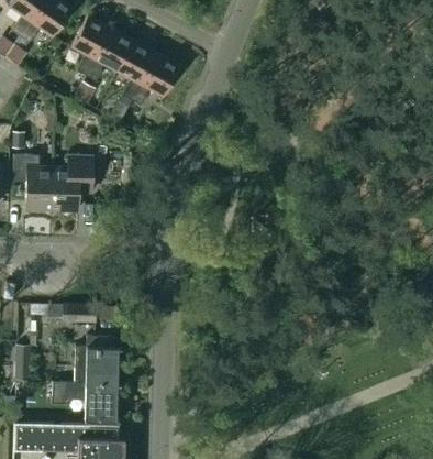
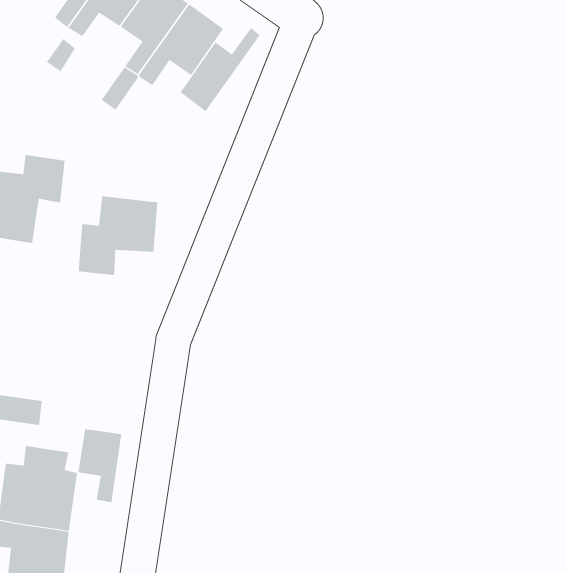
building: none -> [180,27,261,112]
building: none -> [78,196,158,276]
building: none -> [78,428,122,503]

